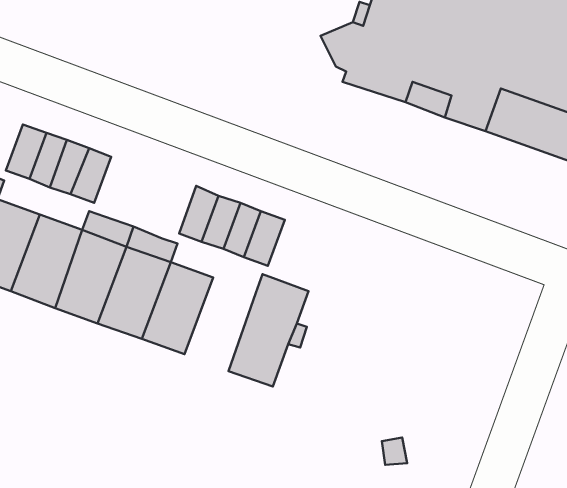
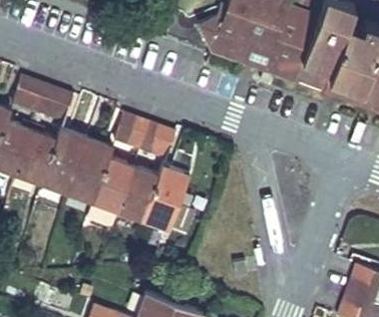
building: none -> [116,167,158,222]

